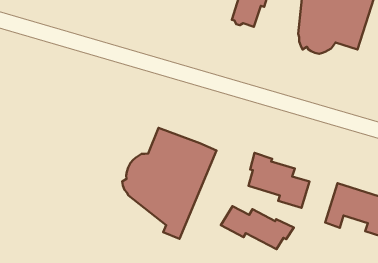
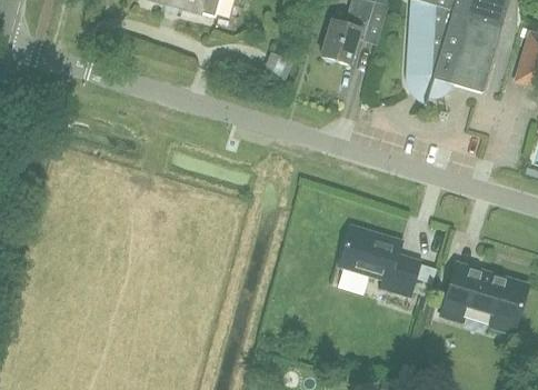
building: [122,128,217,239] -> none
building: [221,206,294,249] -> none

